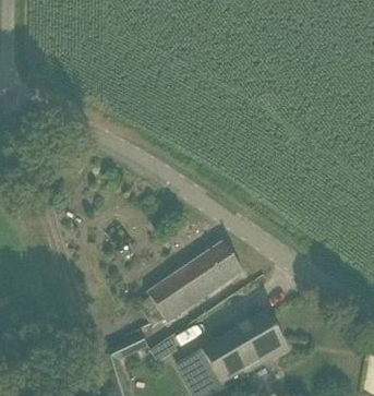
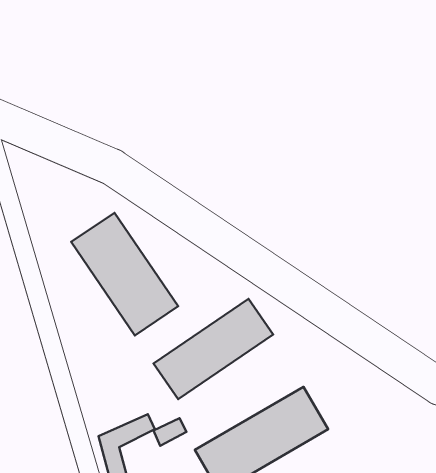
building: none -> [71,213,178,335]

